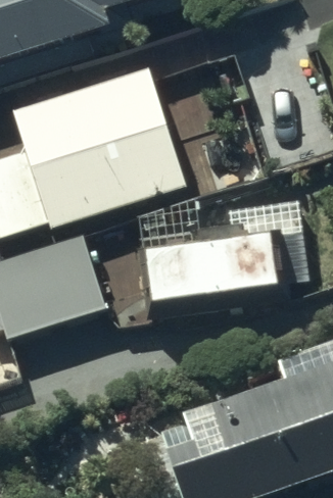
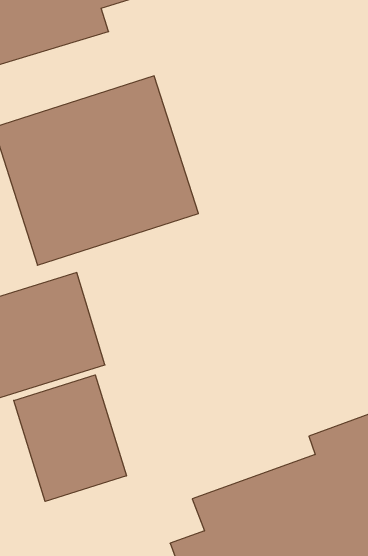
building: [142,217,305,304] -> none
building: none -> [14,375,126,501]

